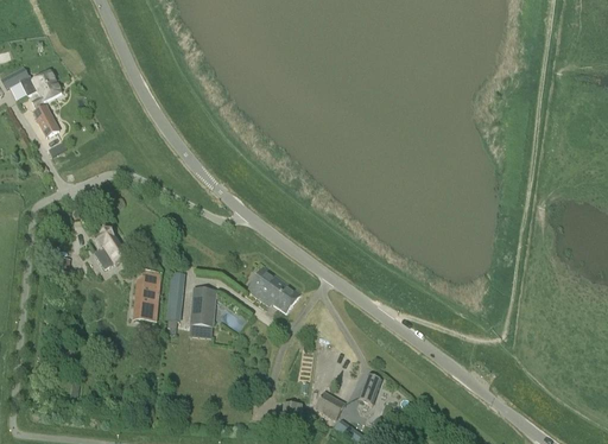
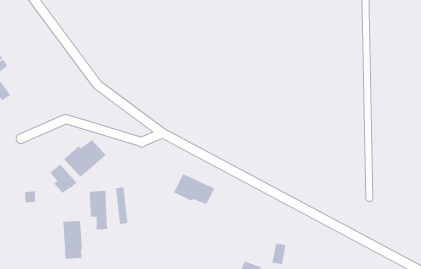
building: none -> [63,139,106,178]
building: [188,287,216,338] -> [62,221,83,259]

